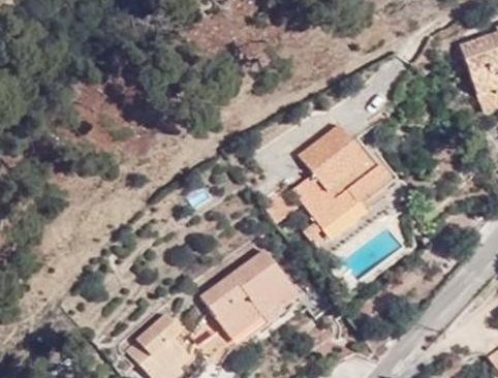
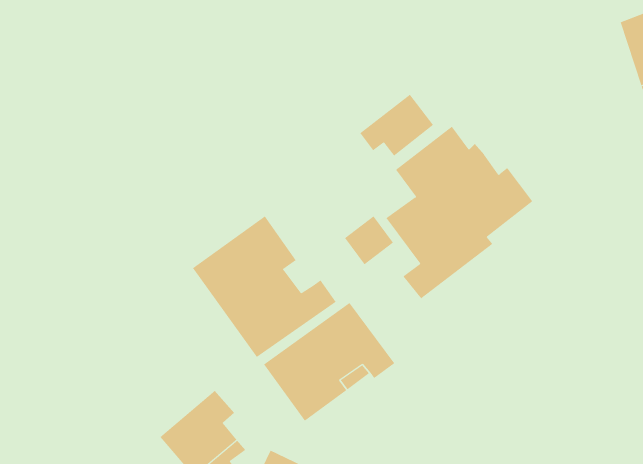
building: none -> [359,94,434,156]
building: none -> [192,216,336,358]

